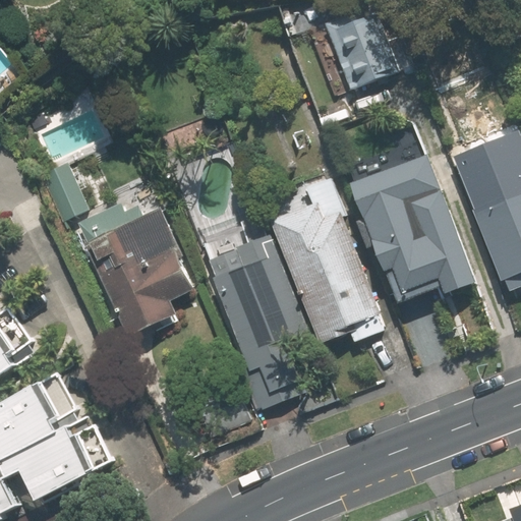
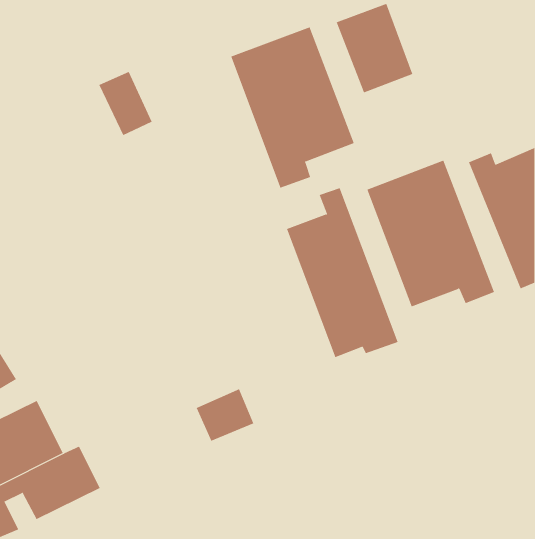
building: none -> [230,26,355,189]
building: [37,159,89,221] -> [98,71,152,136]
building: [74,200,193,337] -> none
building: [204,234,307,391] -> none

